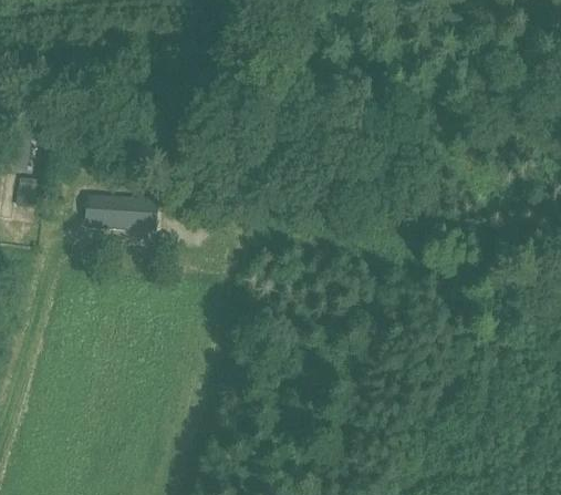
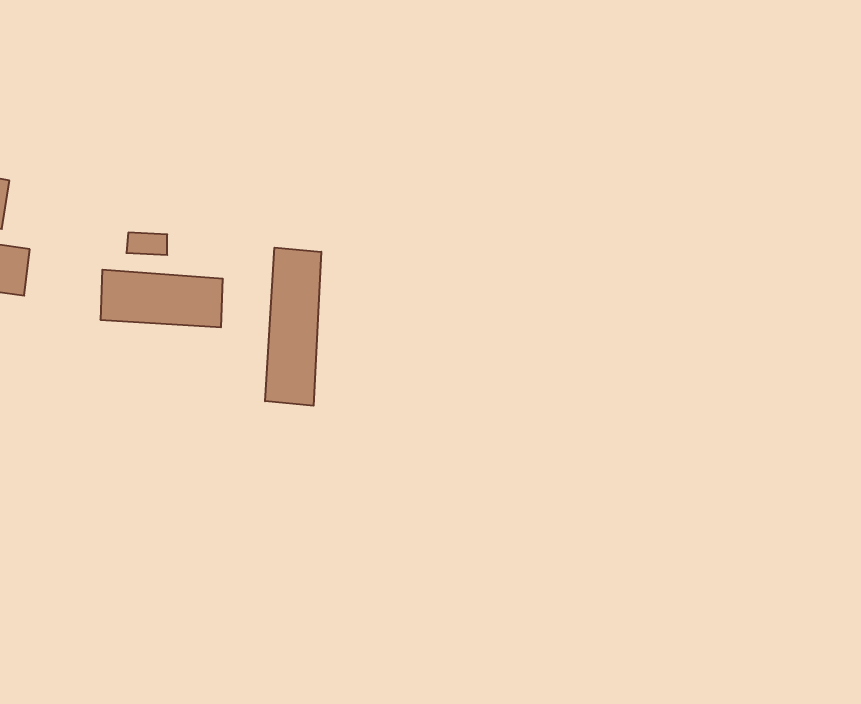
building: none -> [265,248,321,406]

